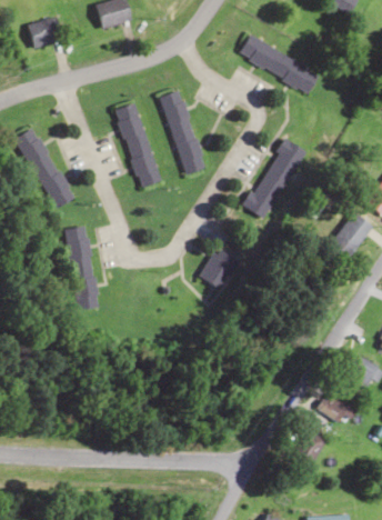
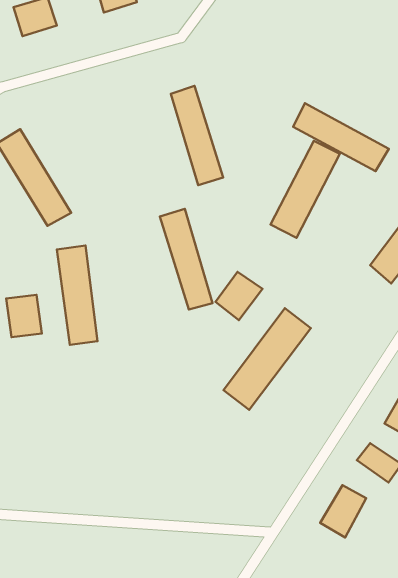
building: [239,34,320,92] -> [293,103,389,171]
building: [115,102,160,188] -> [160,209,212,310]
building: none -> [6,295,42,337]
building: none -> [224,308,311,410]

